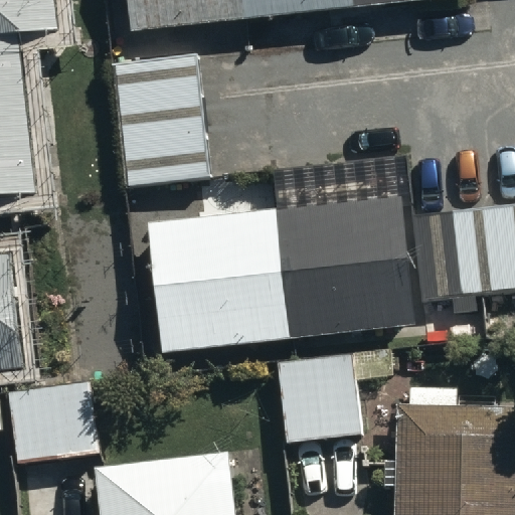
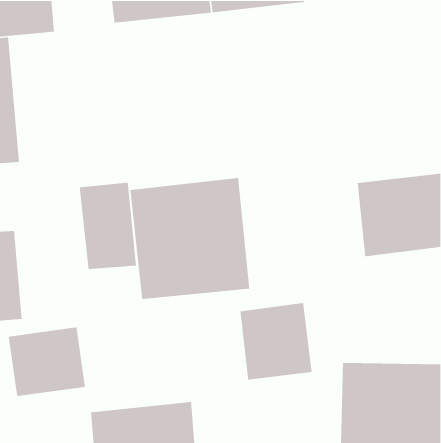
building: [114,51,212,187] -> none
building: [277,193,415,336] -> none
building: none -> [79,182,137,270]

